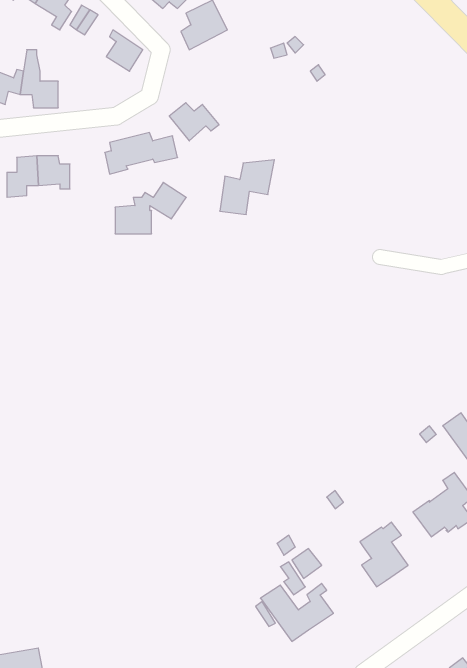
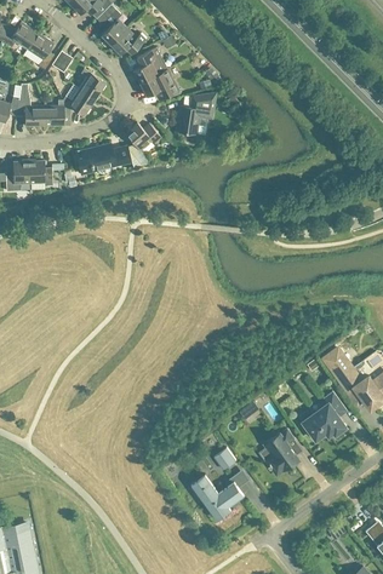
building: none -> [139,69,179,101]
building: [220,160,274,214] -> [176,93,216,133]
building: [115,182,186,234] -> [44,88,96,126]

